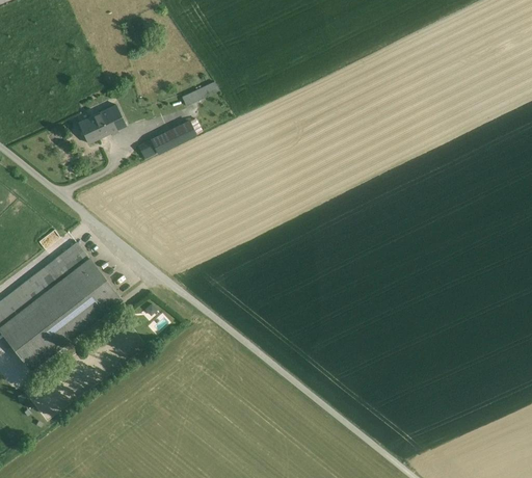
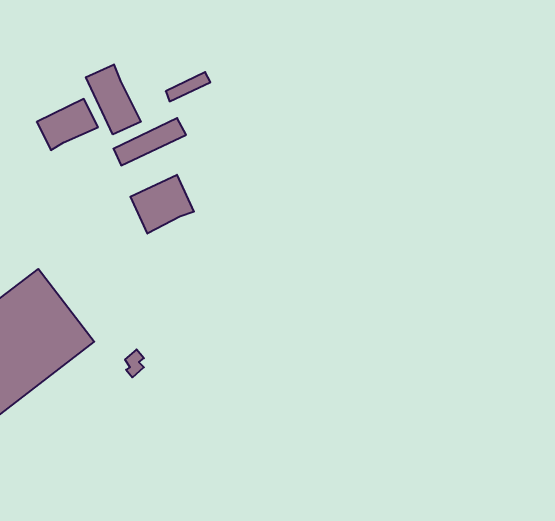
building: none -> [86,64,141,134]
building: none -> [130,175,194,234]

